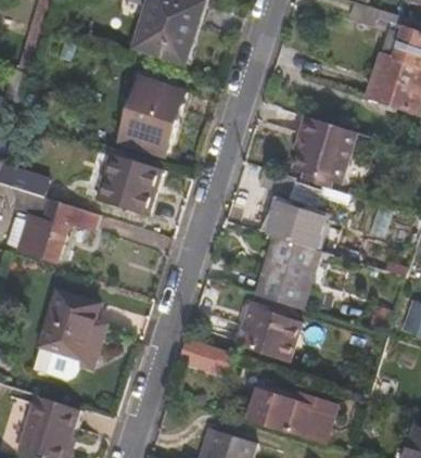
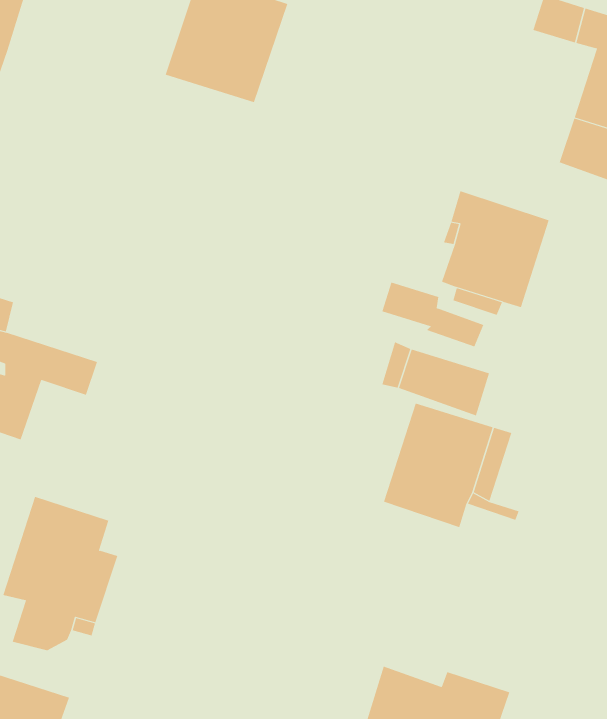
building: [116,78,184,154] -> none
building: [101,152,163,213] -> none
building: [239,309,302,359] -> none
building: [178,336,220,371] -> none

